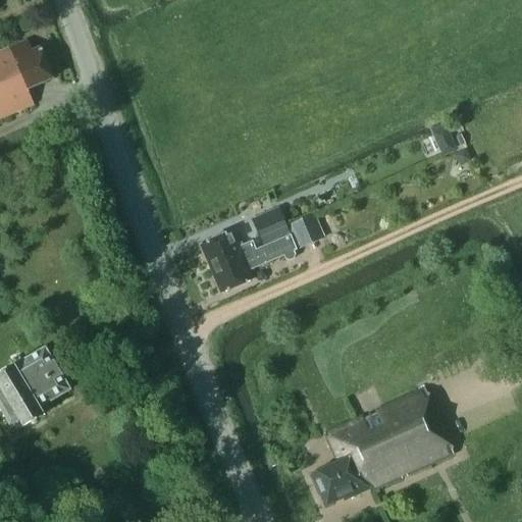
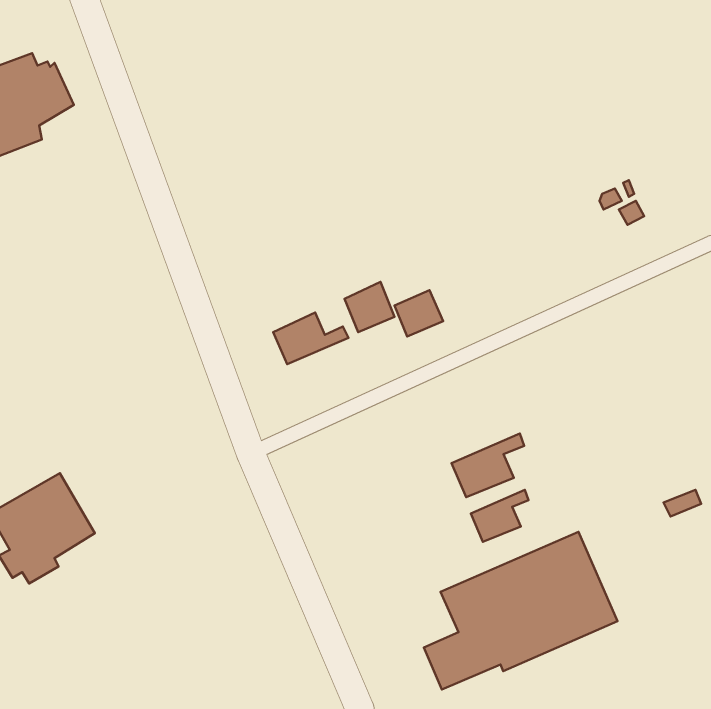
building: [210,232,296,291] -> none
building: none -> [452,434,524,497]
building: none -> [471,490,529,542]

